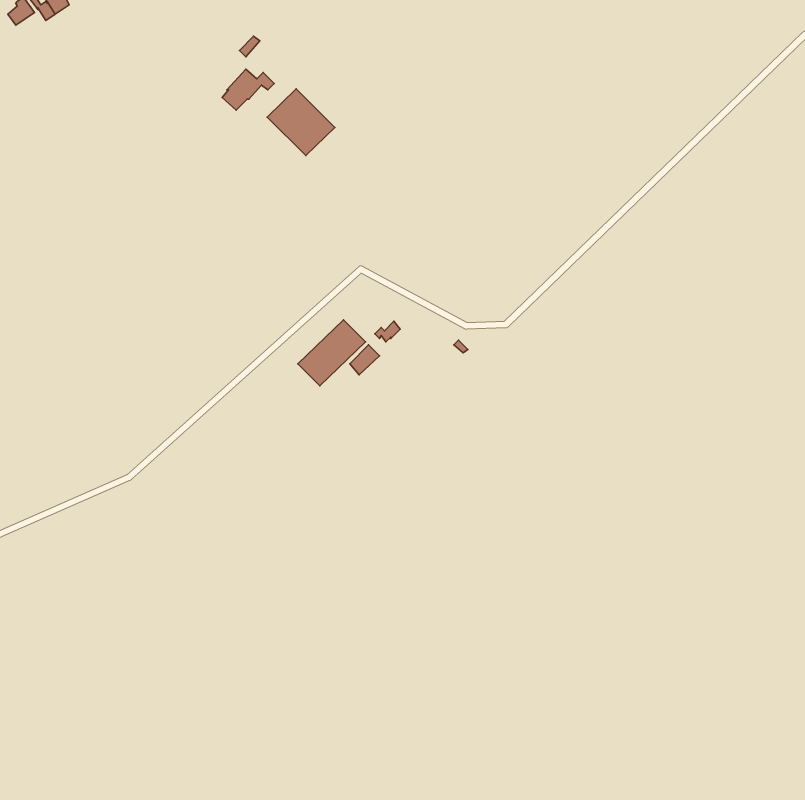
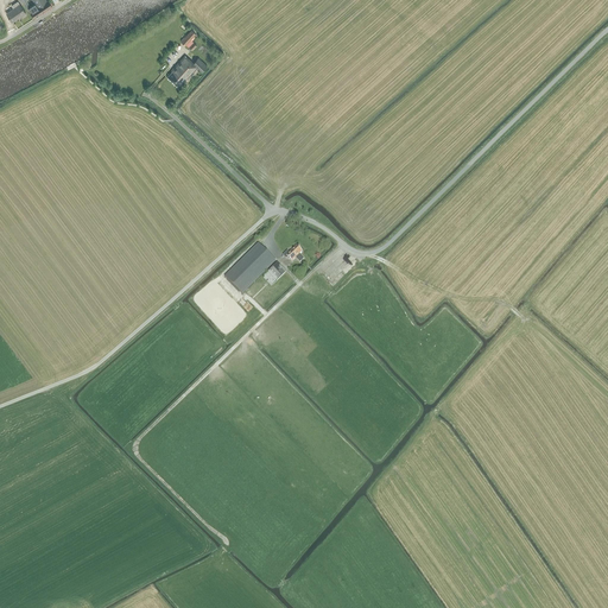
building: [267,89,335,156] -> none

